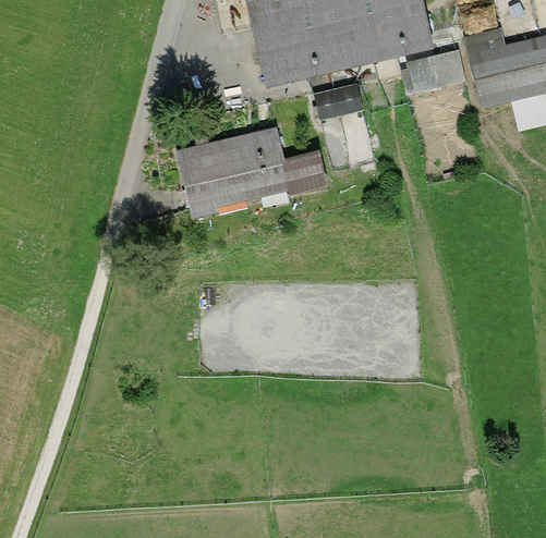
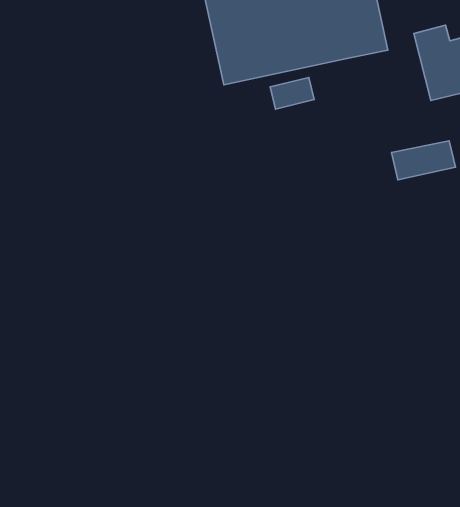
building: [395,51,461,91] -> [391,141,455,180]
building: [178,127,330,210] -> none

